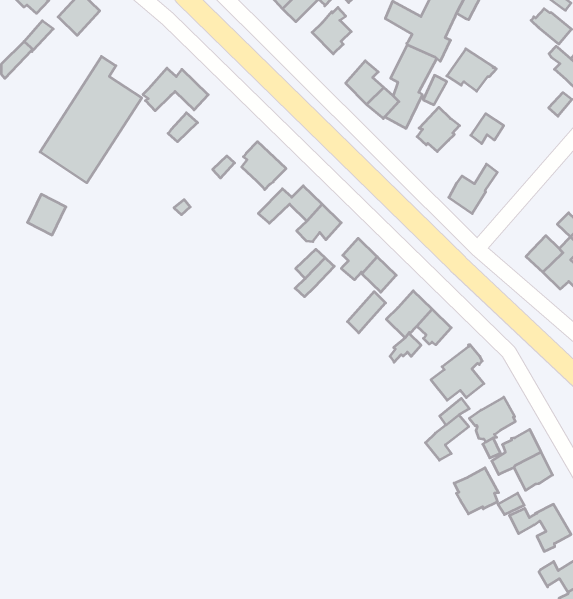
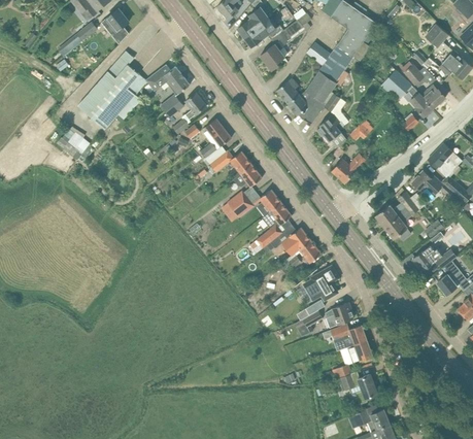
building: [447,49,496,91] -> [381,70,413,98]
building: none -> [173,93,207,134]
building: [454,468,499,514] -> none

